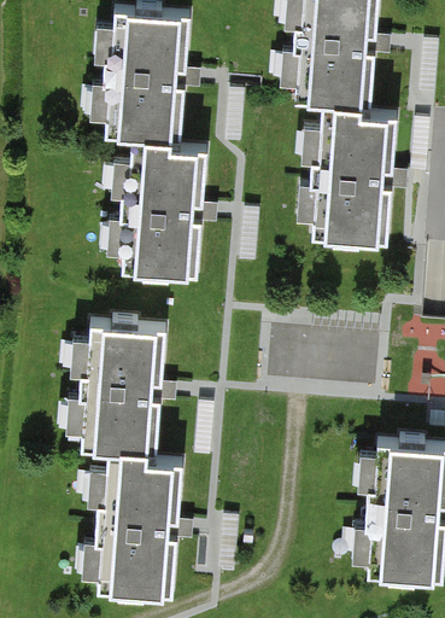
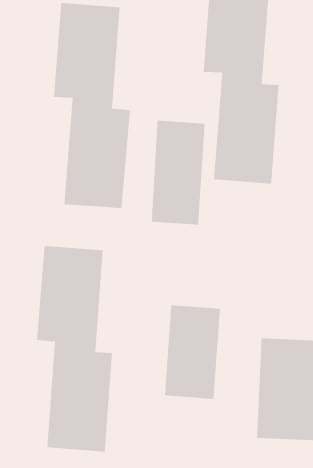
building: none -> [151,120,205,225]
building: none -> [164,304,221,400]

